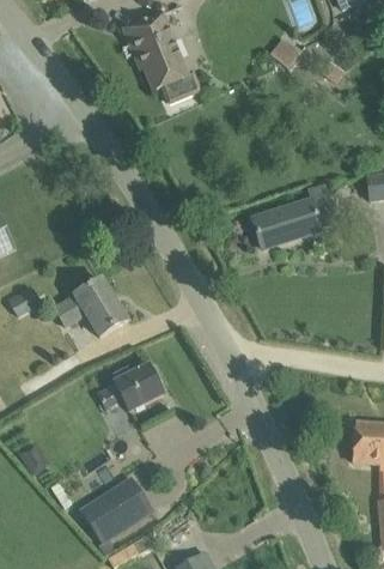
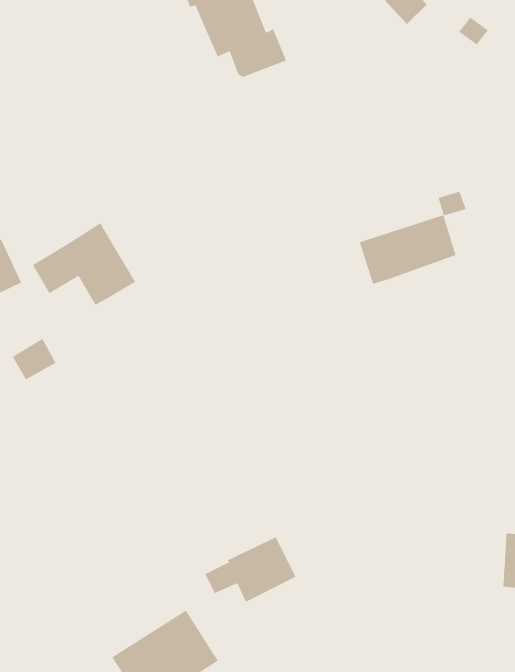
building: [54,278,127,337] -> [32,222,136,306]
building: [99,364,164,411] -> [204,536,297,603]

